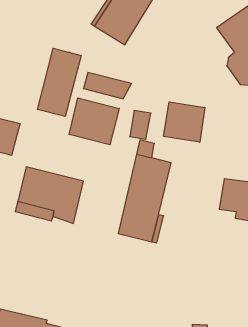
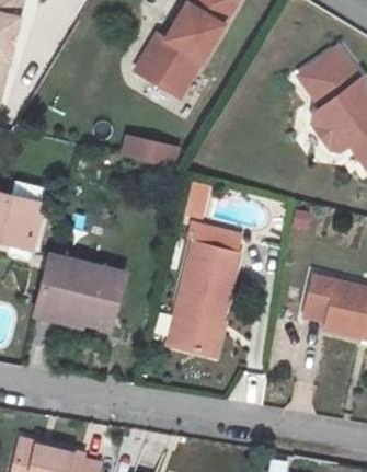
building: [38,48,81,116] -> none
building: [69,98,119,145] -> none
building: [164,102,205,142] -> none

